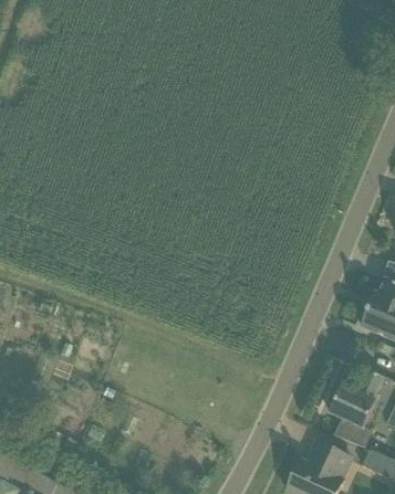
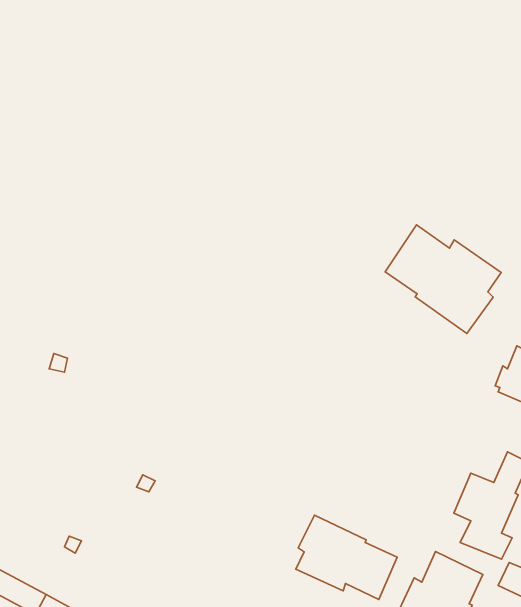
building: none -> [385,225,501,333]
building: none -> [296,515,397,599]

